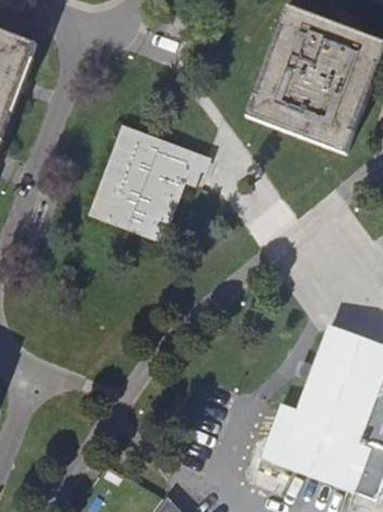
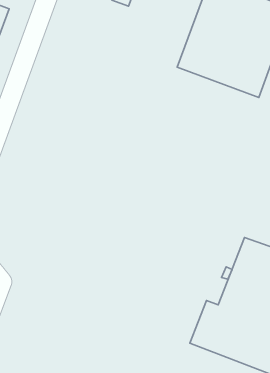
building: [93,125,217,243] -> none

